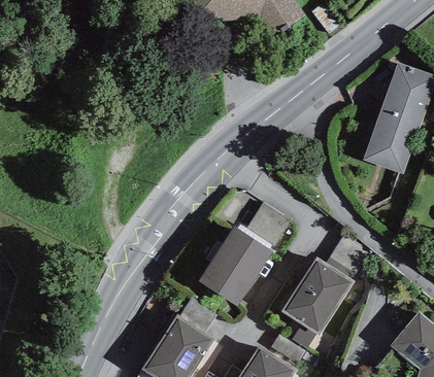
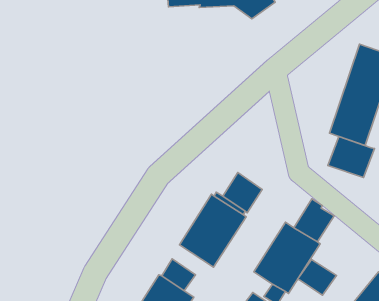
building: none -> [328,136,374,177]
building: none -> [298,260,336,295]

